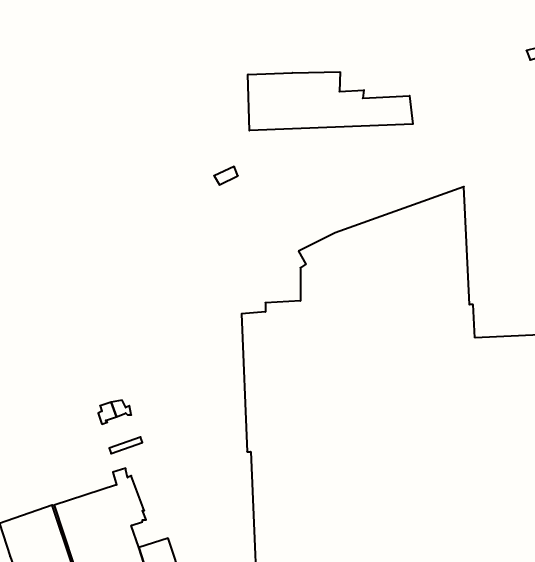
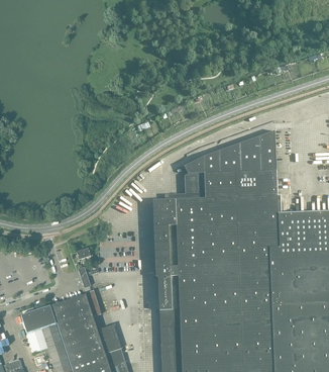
building: [248,72,413,131] -> none

